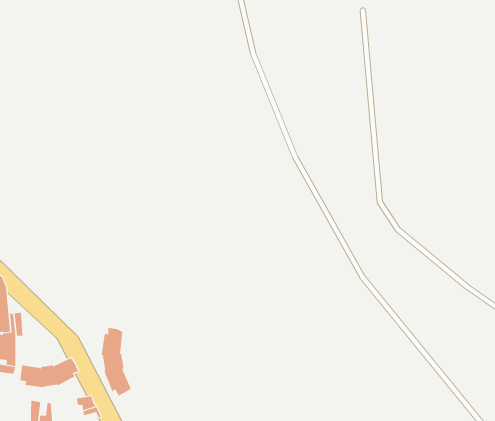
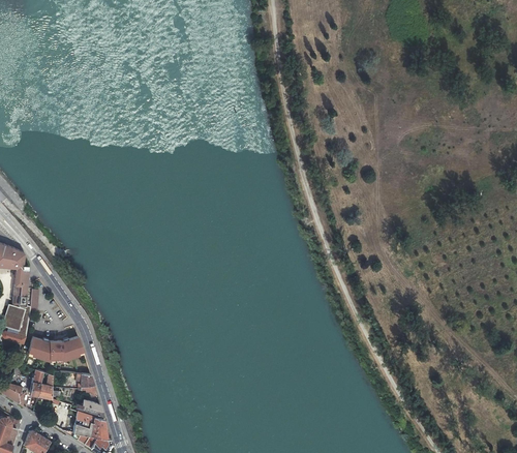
building: [101,327,131,396] -> none

